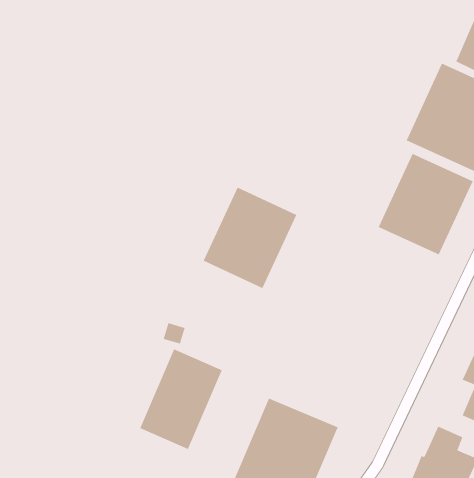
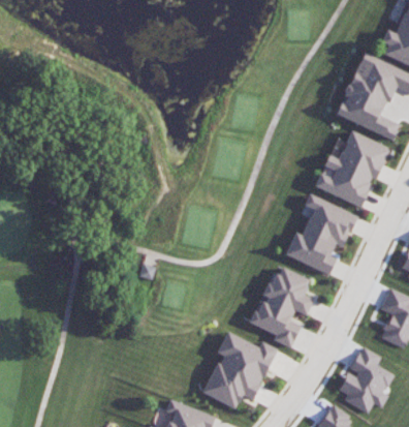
building: [203,187,297,289] -> [282,194,358,277]
building: none -> [243,263,322,349]
building: [139,348,222,450] -> none

